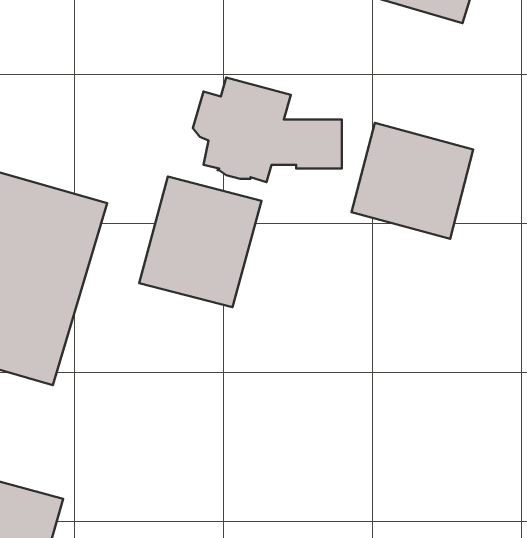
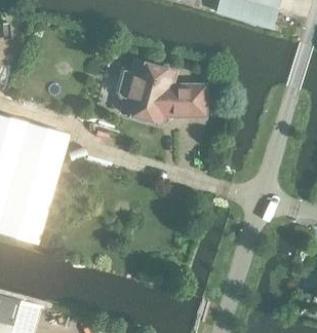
building: [352,123,473,239] -> none
building: [139,177,261,307] -> none

